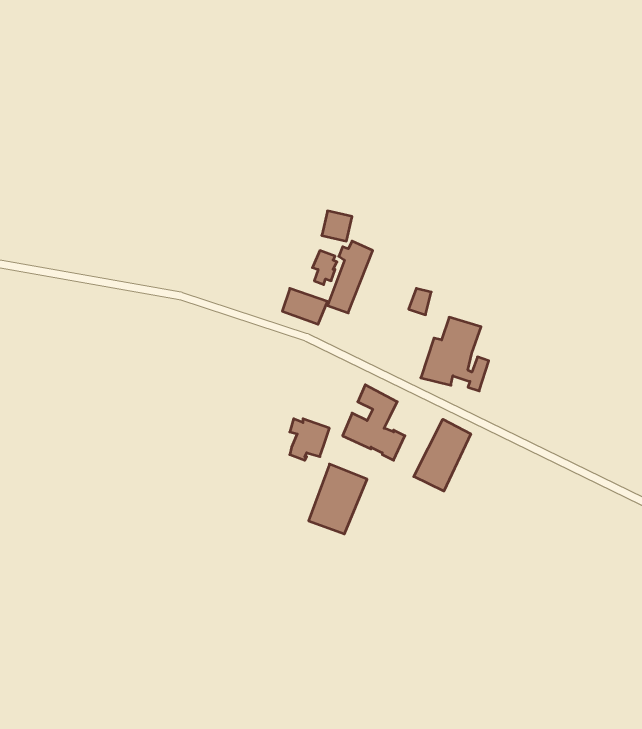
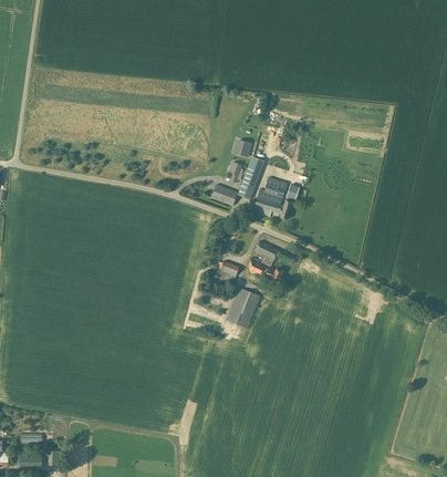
building: [421,317,489,391] -> [251,176,291,219]
building: [414,419,471,491] -> none

